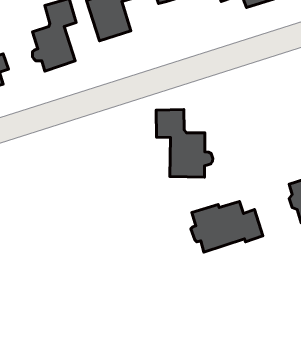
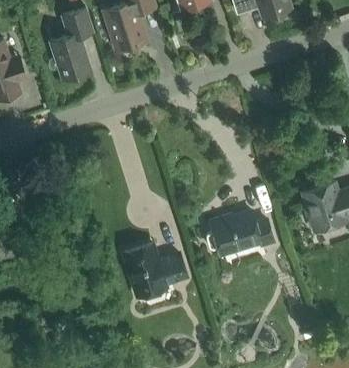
building: [156,110,213,177] -> none
building: none -> [121,241,189,299]

